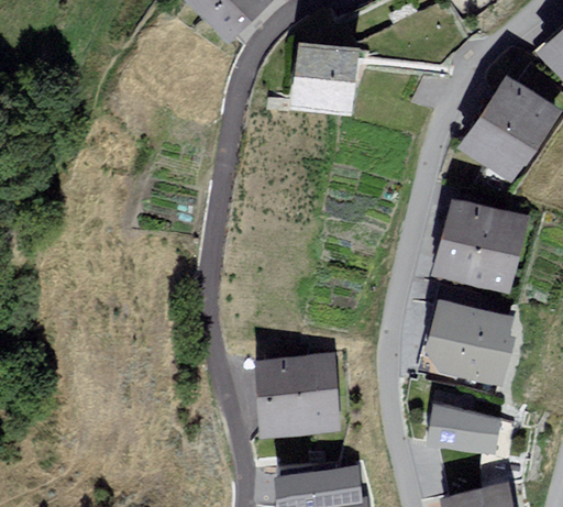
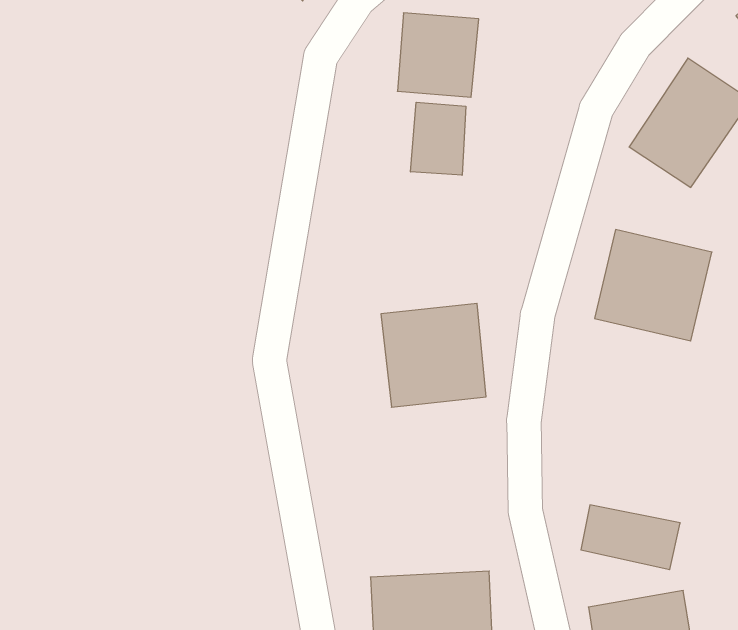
building: none -> [411,102,466,175]
building: [428,308,514,382] -> none
building: [258,362,335,438] -> [381,303,486,407]

